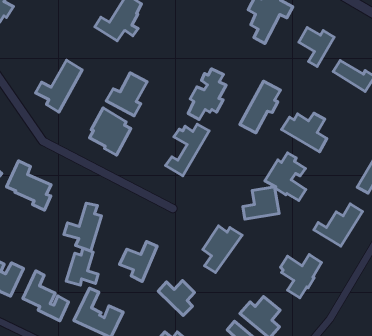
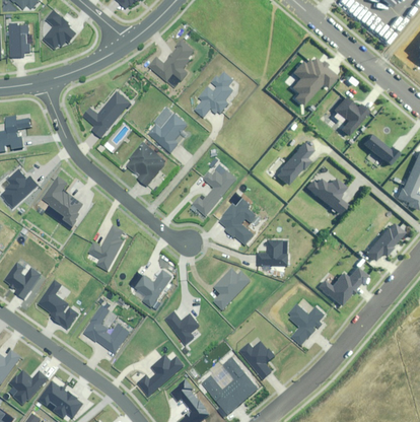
building: [188,69,226,119] -> [195,72,234,117]
building: [265,153,306,200] -> [217,198,257,243]
building: [66,248,98,285] -> none

